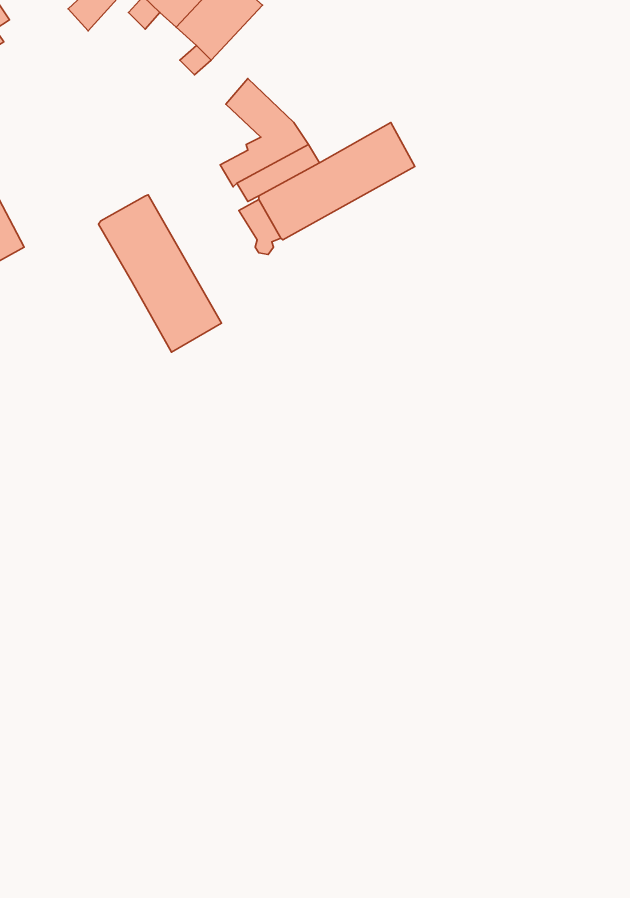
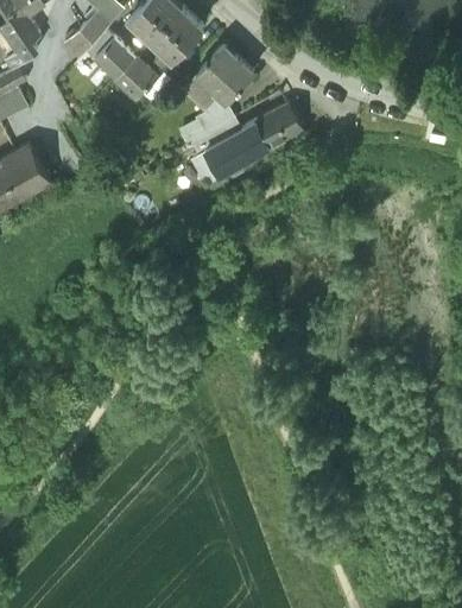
building: none -> [94,36,157,97]
building: none -> [197,42,257,101]
building: [98,195,222,352] -> none

